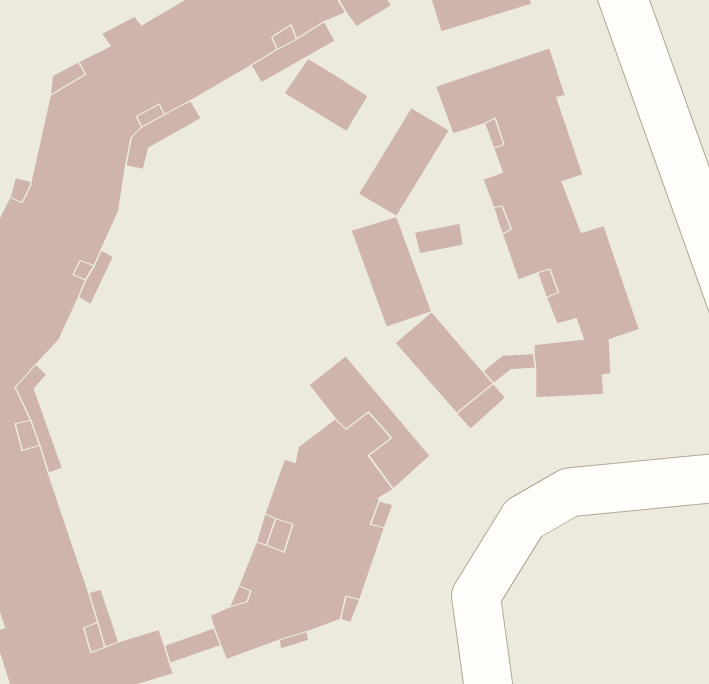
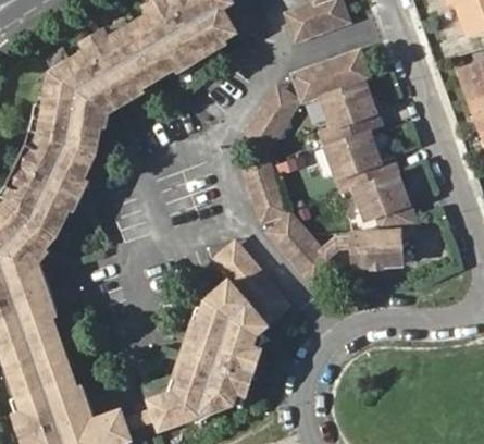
building: [284,58,368,132] -> none

